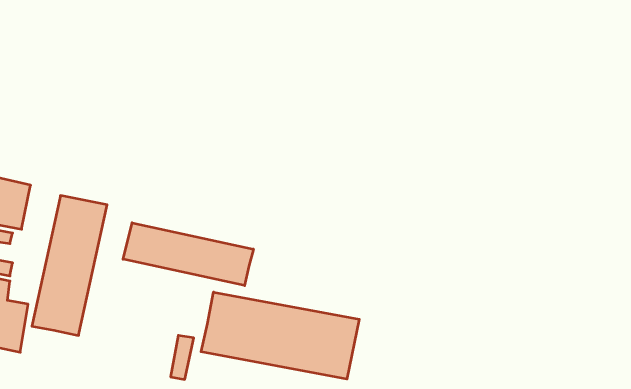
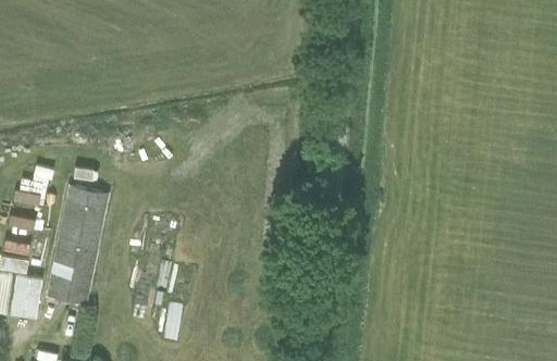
building: [123,223,253,286] -> none
building: [201,292,359,379] -> none

